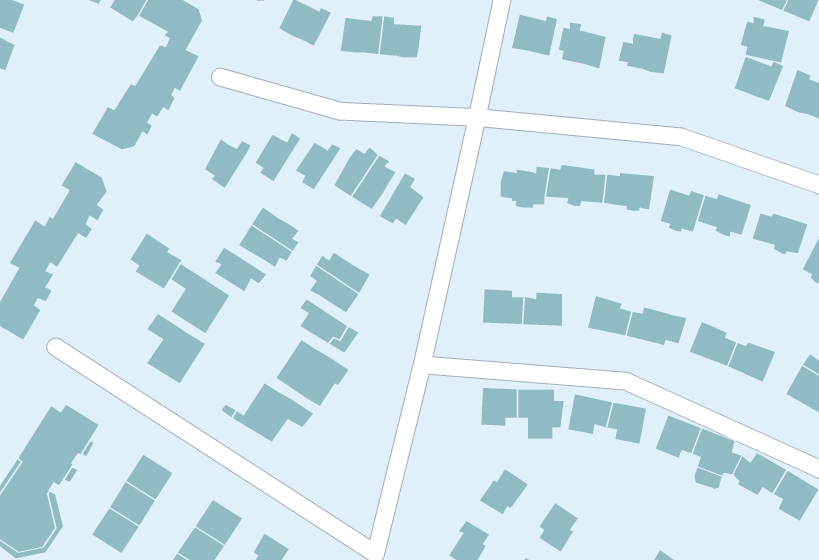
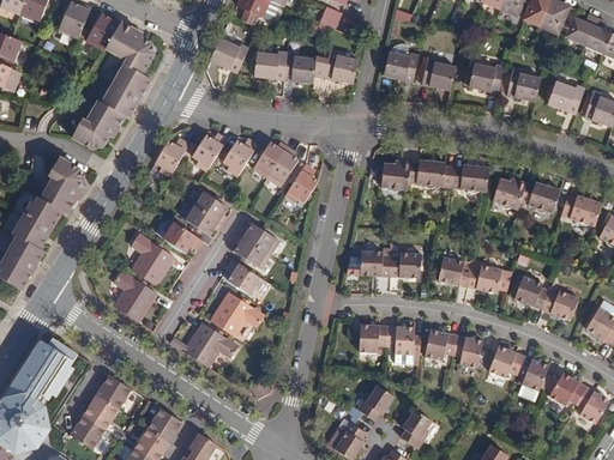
building: none -> [313,48,357,81]
building: [740,16,790,63] -> [501,66,538,101]
building: [130,233,182,290] -> none

